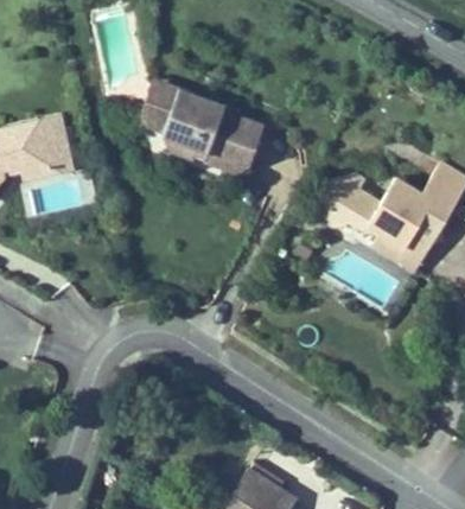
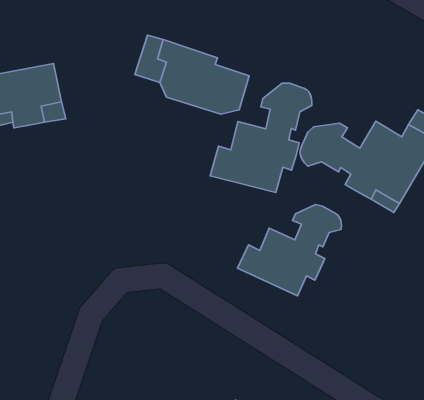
building: none -> [210,83,312,192]
building: none -> [237,205,341,296]

